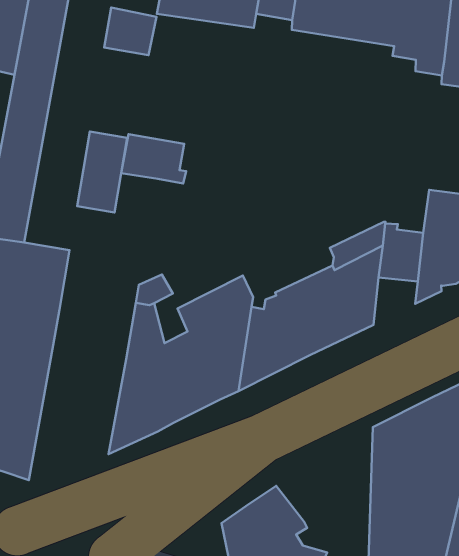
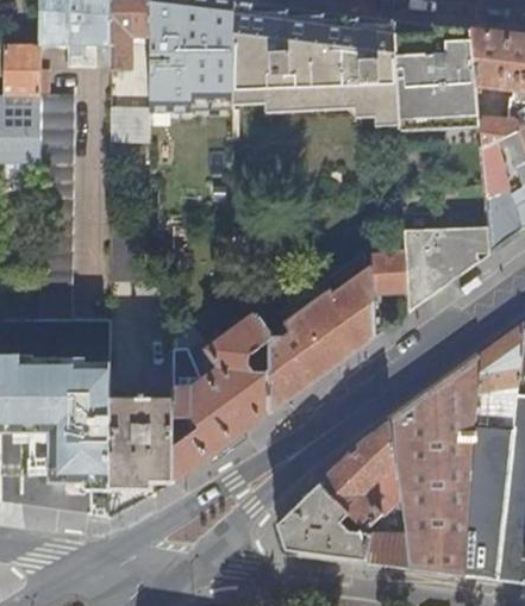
building: [121,134,186,183] -> none
building: none -> [110,399,174,516]
building: none -> [318,421,401,531]

